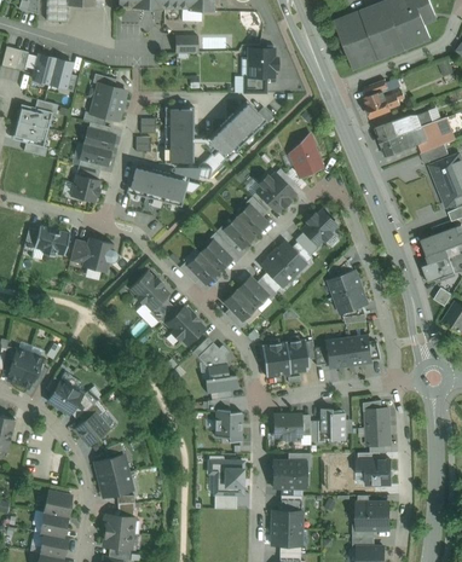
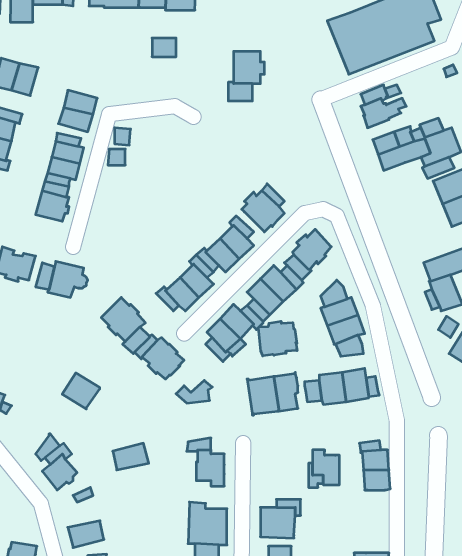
building: [209,104,265,158] -> none
building: [164,108,192,163] -> none
building: [289,134,324,178] -> none
building: [126,164,189,207] -> none
building: none -> [258,321,297,356]
building: [204,364,238,394] -> none
building: [48,381,82,413] -> [62,373,100,409]
building: [275,415,301,439] -> none
building: [96,454,128,479] -> [113,443,149,470]
building: [357,459,391,483] -> none

